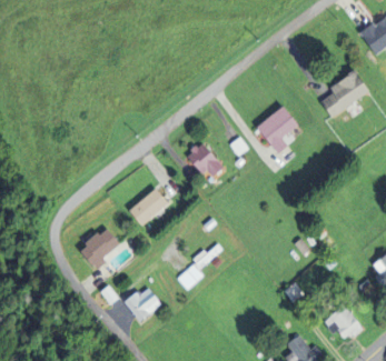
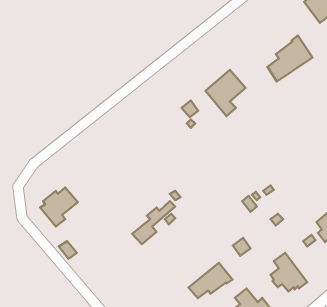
building: [187,143,225,177] -> none
building: [128,188,168,227] -> none
building: [123,288,161,321] -> none
building: none -> [188,263,233,298]

